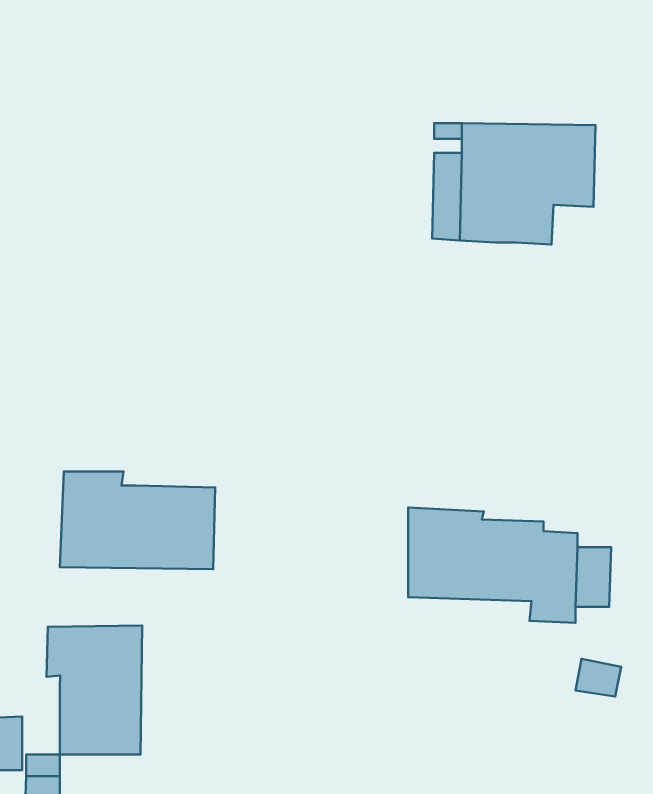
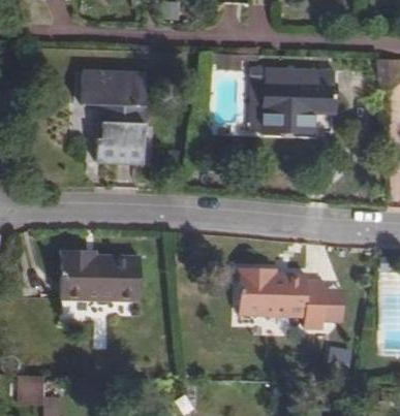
building: none -> [79,71,145,164]
building: [46,626,142,755] -> none

